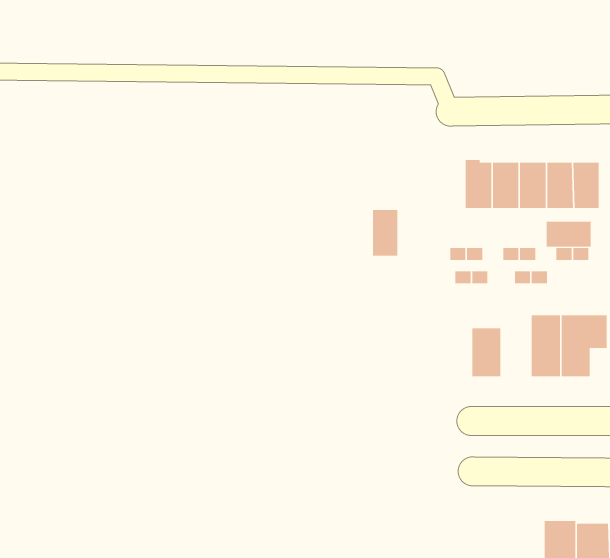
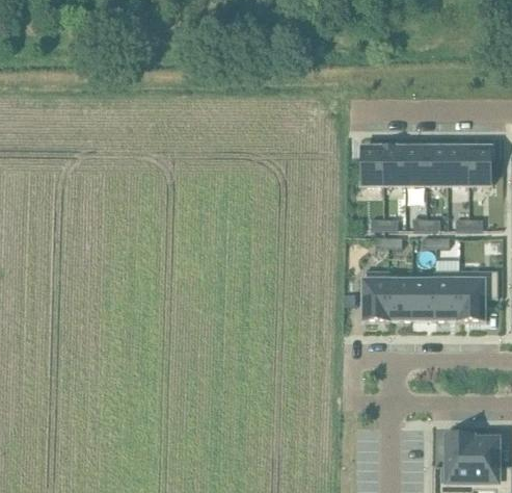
building: [372,210,398,256] -> [361,147,382,184]
building: [546,221,594,247] -> none
building: none -> [362,269,387,319]
building: none -> [411,269,435,319]

